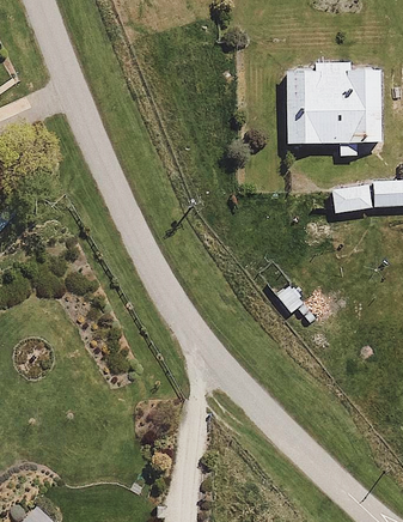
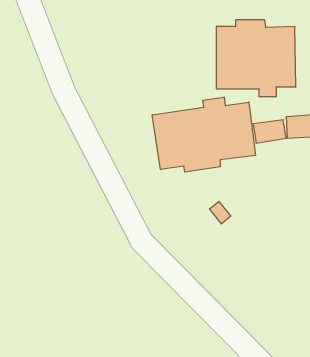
building: none -> [152,97,256,172]

